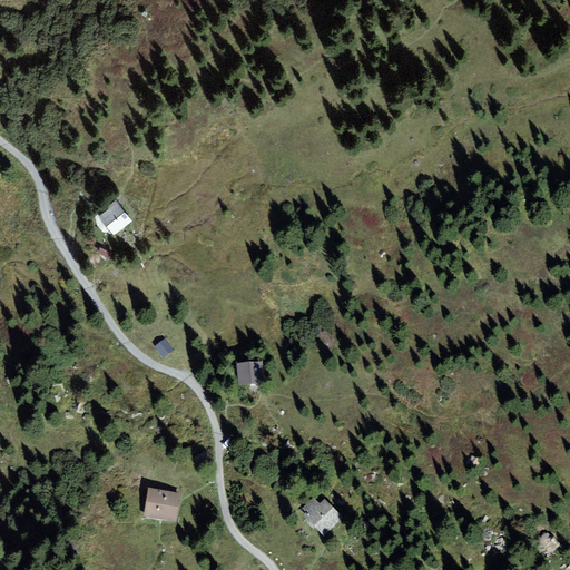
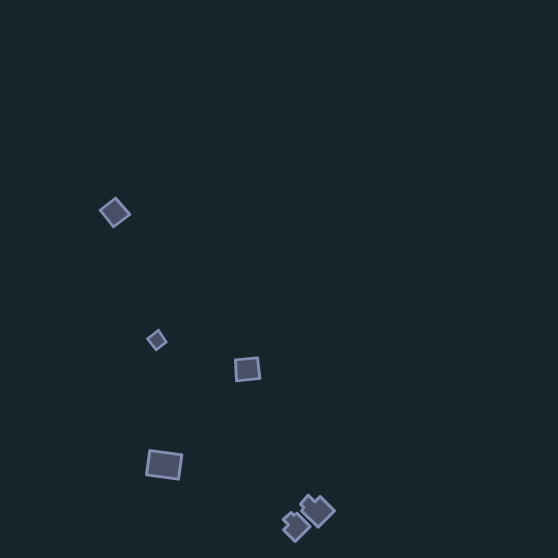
building: [142,489,178,518] -> [146,451,182,479]
building: none -> [283,512,310,541]

